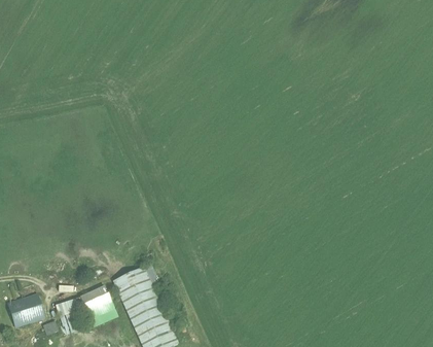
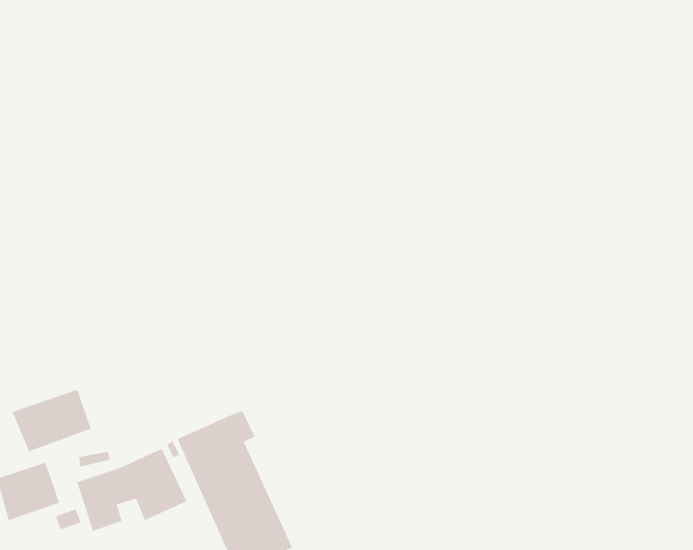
building: none -> [12,389,92,452]

